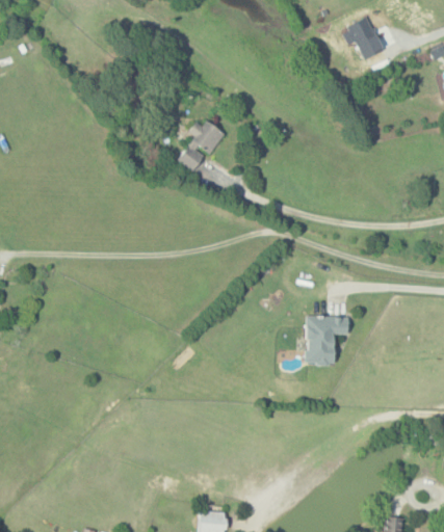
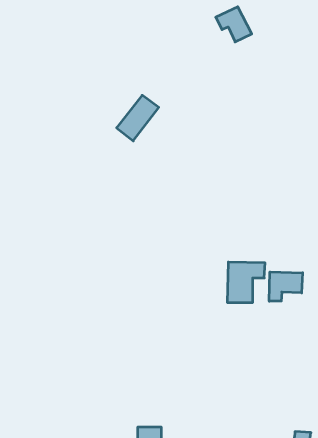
building: [341,18,384,59] -> [216,7,252,42]
building: none -> [269,272,303,301]

